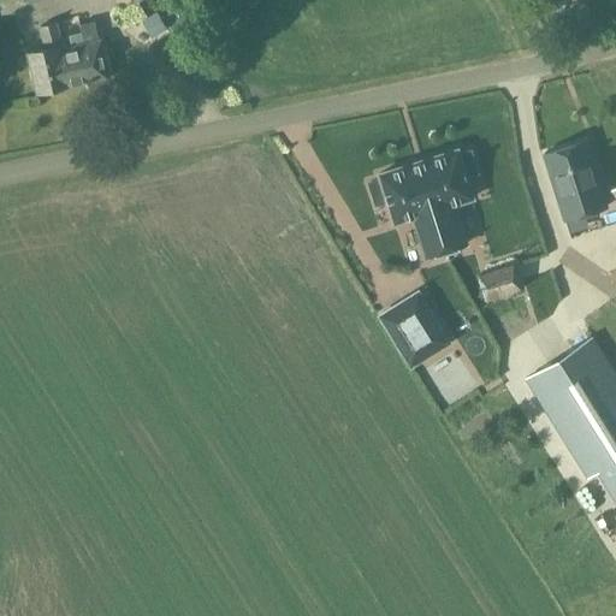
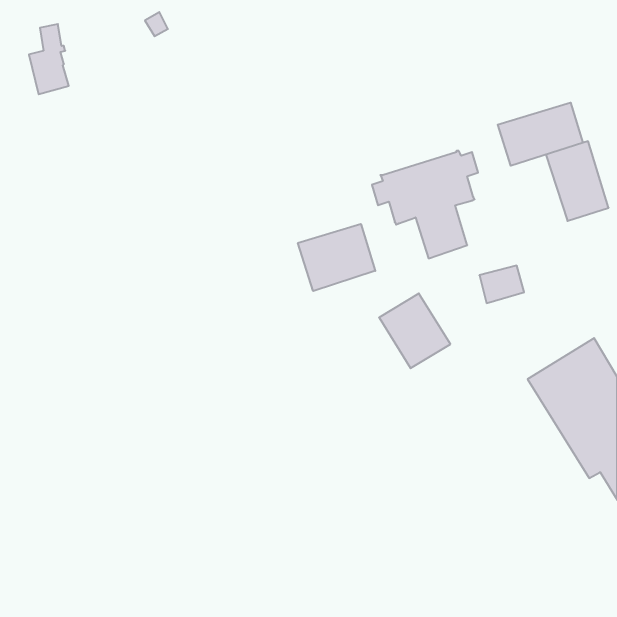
building: [60,23,109,85] -> none
building: none -> [498,103,583,166]
building: none -> [298,224,375,291]

